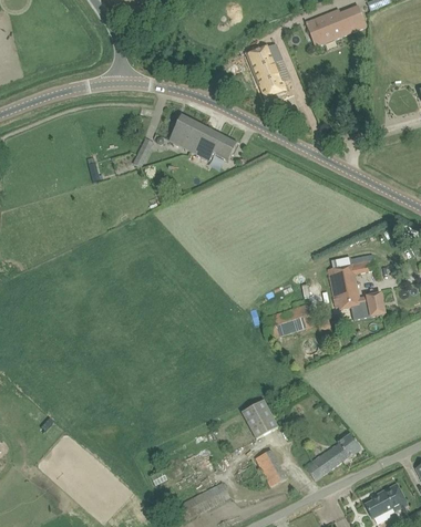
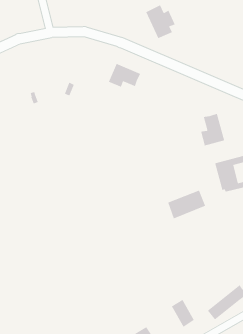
building: [168,113,205,151] -> none
building: none -> [200,113,225,147]
building: [240,400,278,438] -> none

